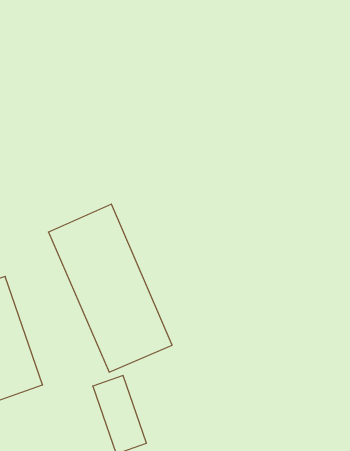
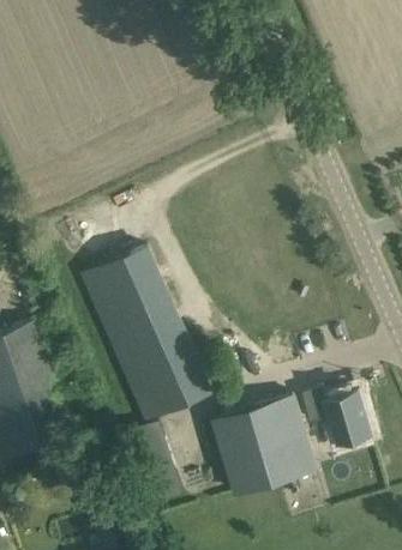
building: none -> [308,391,371,442]
building: none -> [215,397,314,492]

